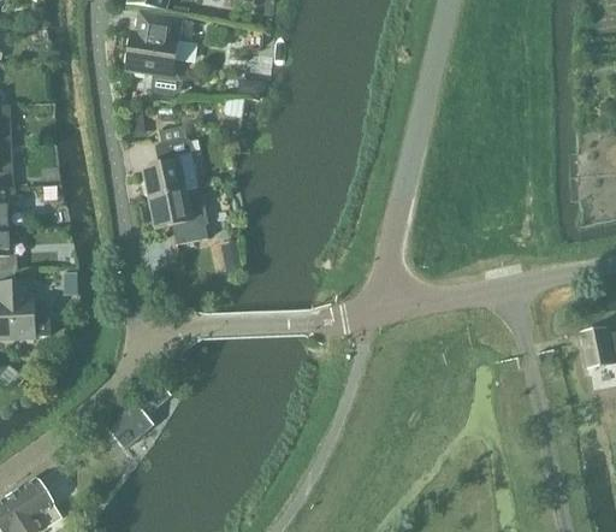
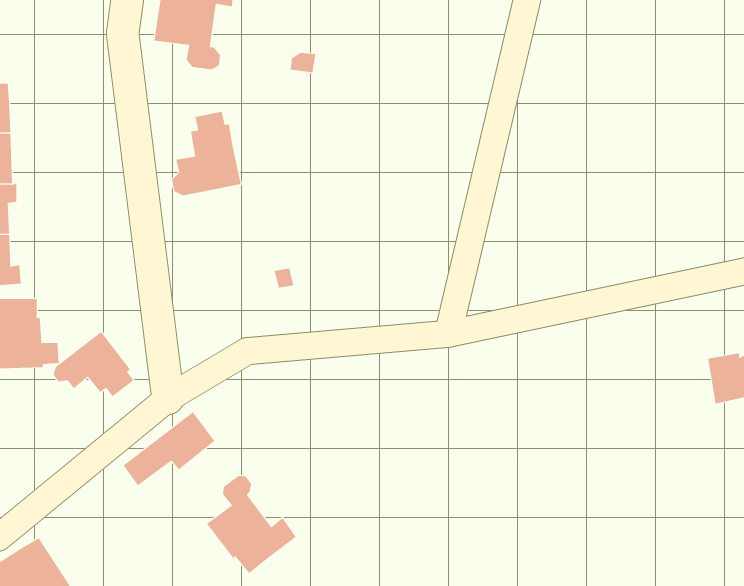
building: [150,188,208,244] -> none
building: none -> [53,331,134,397]
building: none -> [206,475,297,574]

